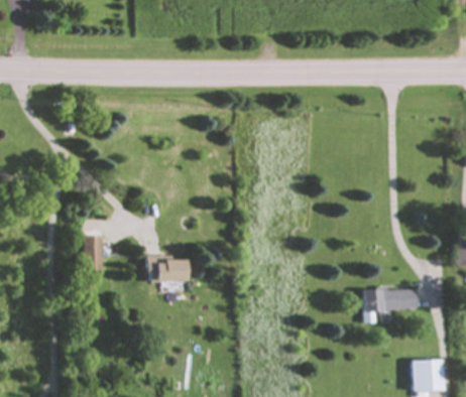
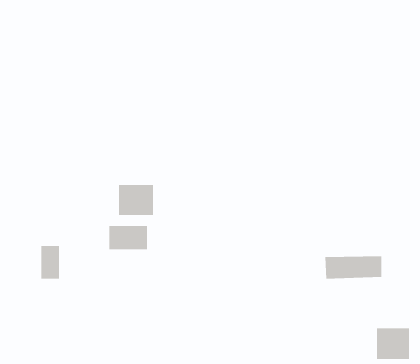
building: none -> [119,184,153,216]
building: [84,238,103,271] -> [40,246,60,279]

